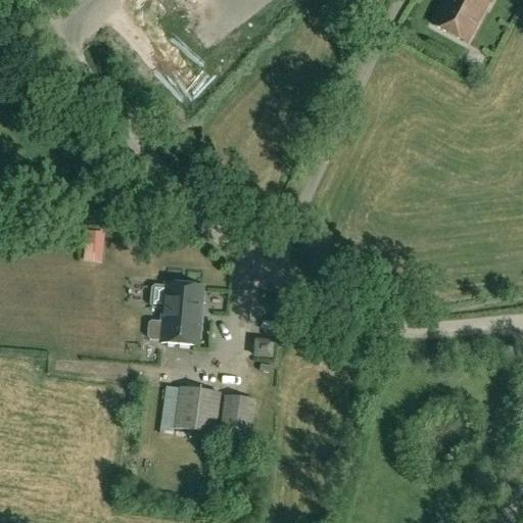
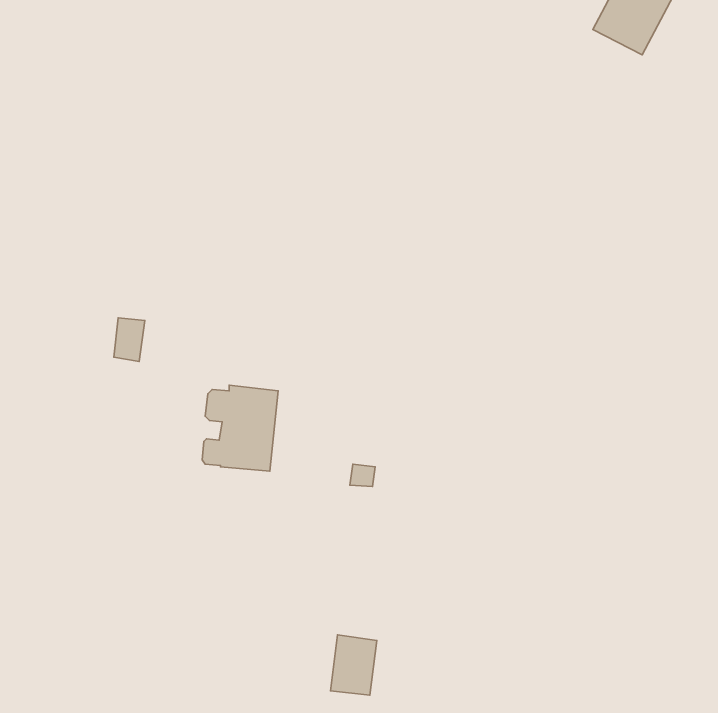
building: [175,385,221,430] -> none
building: [221,393,254,437] -> [330,635,377,695]

